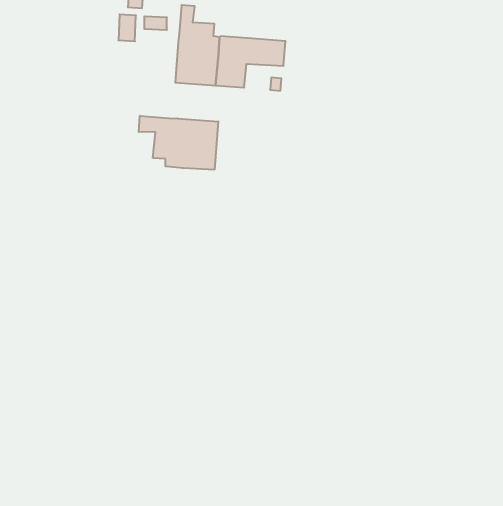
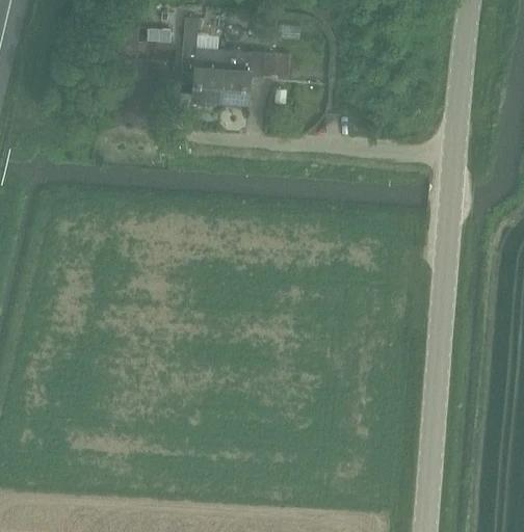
building: [139,116,218,170] -> none

